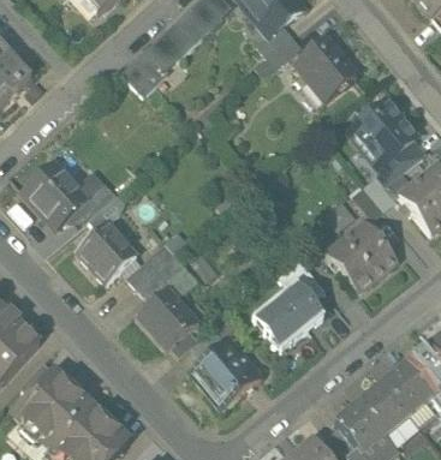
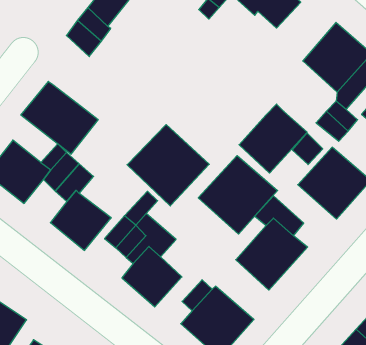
building: none -> [21,81,98,154]
building: none -> [239,104,307,173]
building: none -> [127,125,209,206]
building: none -> [198,156,278,234]

